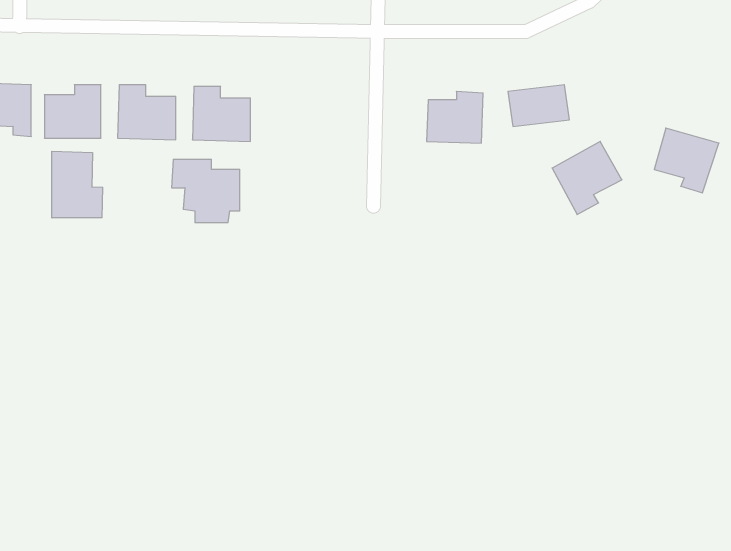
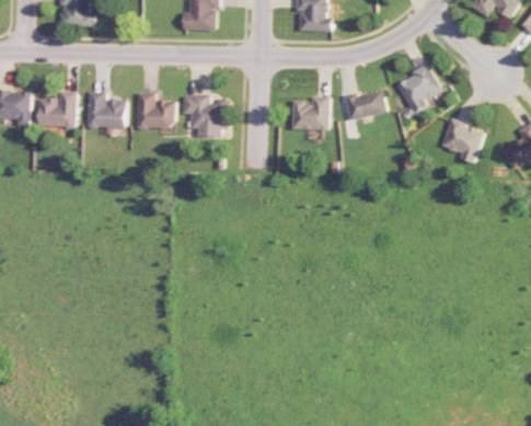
building: [552,141,622,215] -> [394,65,440,113]
building: [52,151,103,218] -> none
building: [172,159,240,223] -> [182,94,227,136]

